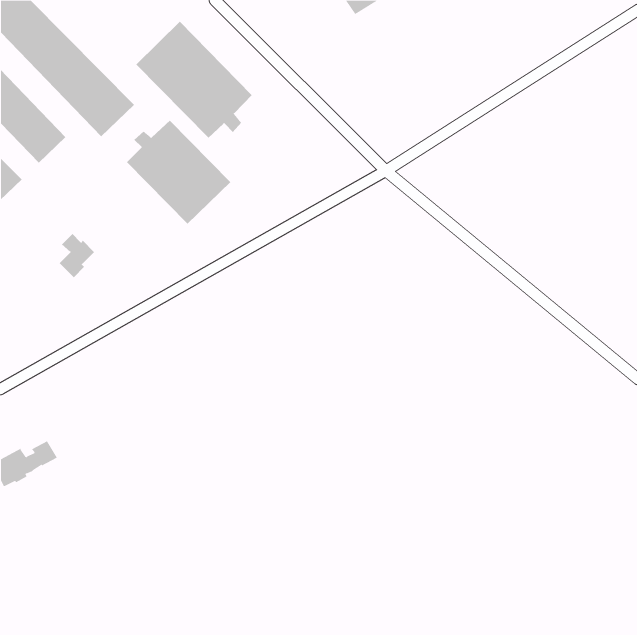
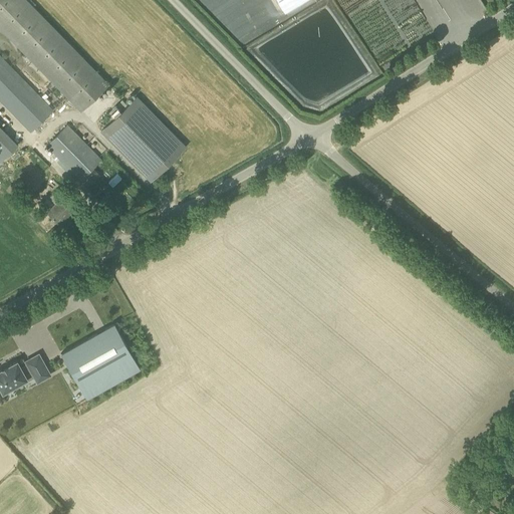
building: [136,21,253,139] -> none
building: none -> [46,126,101,182]
building: none -> [60,320,139,396]

